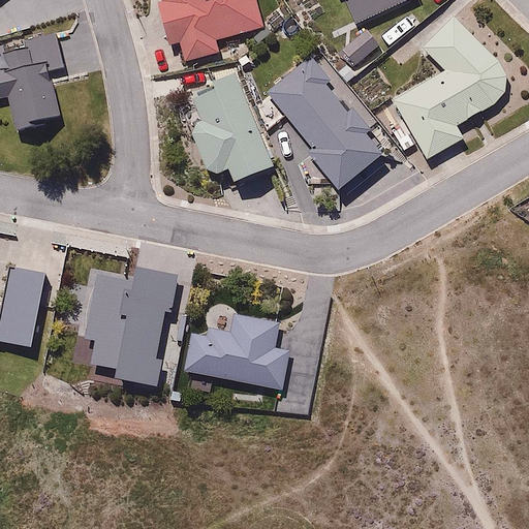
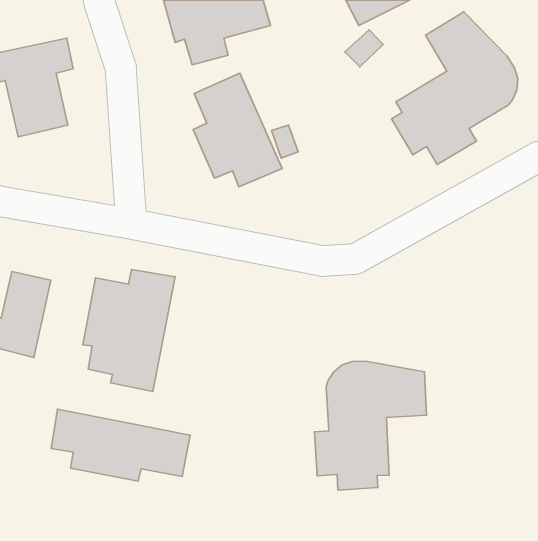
building: [267,59,384,189] -> none
building: [182,313,291,390] -> none
building: none -> [315,361,427,490]
building: none -> [51,409,190,481]

